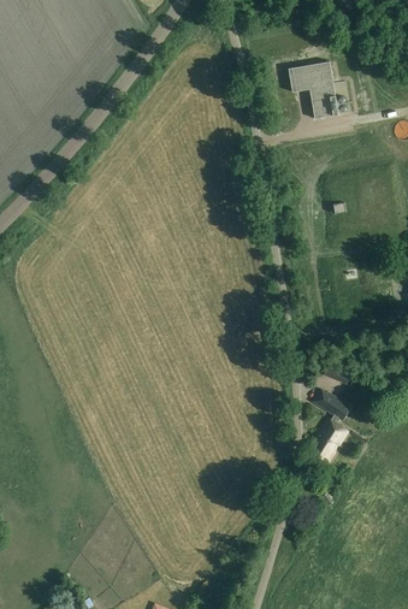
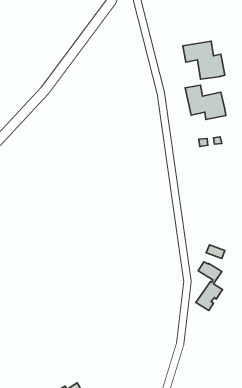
building: none -> [185,85,226,119]

